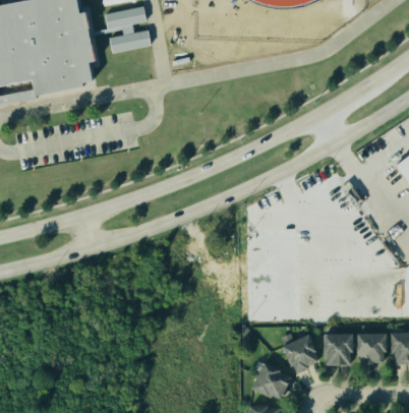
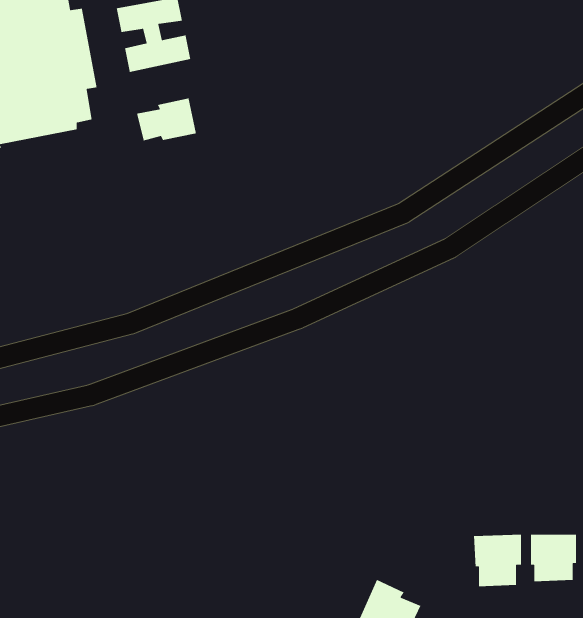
building: none -> [136,97,197,142]
building: [281,331,317,373] -> none

